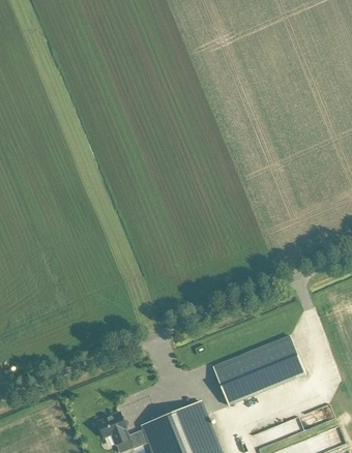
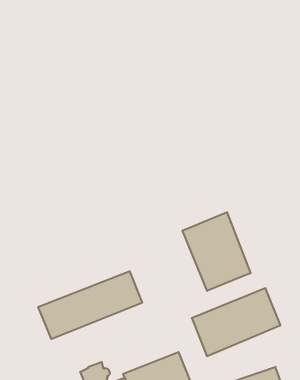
building: none -> [183,212,251,291]
building: none -> [38,271,142,339]

